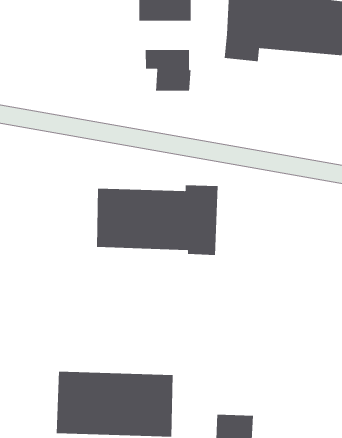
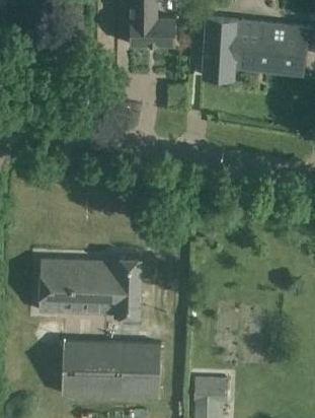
building: [145,49,191,91] -> none
building: [96,185,218,255] -> [37,258,141,318]

